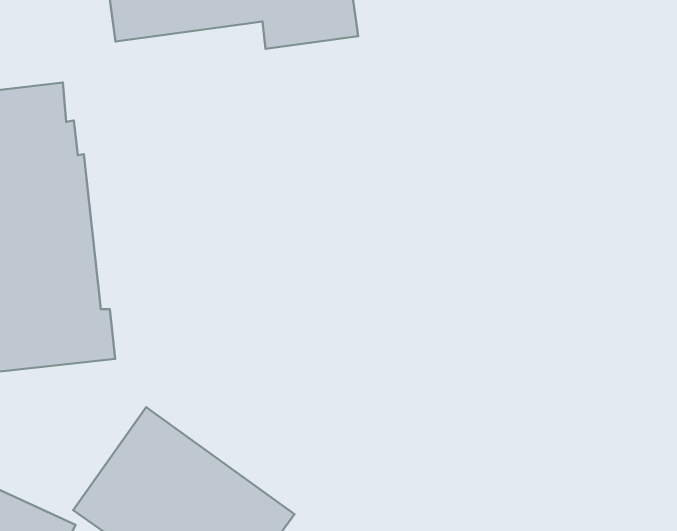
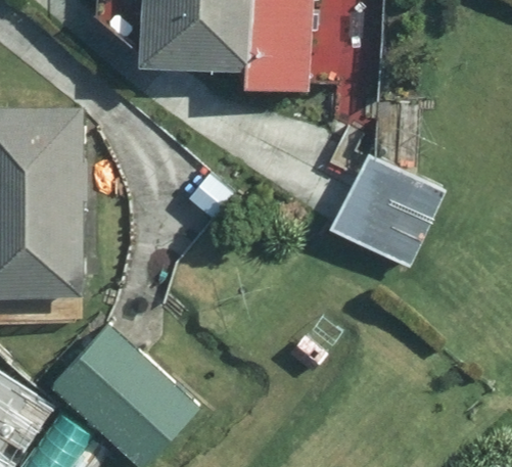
building: none -> [334,150,451,264]

